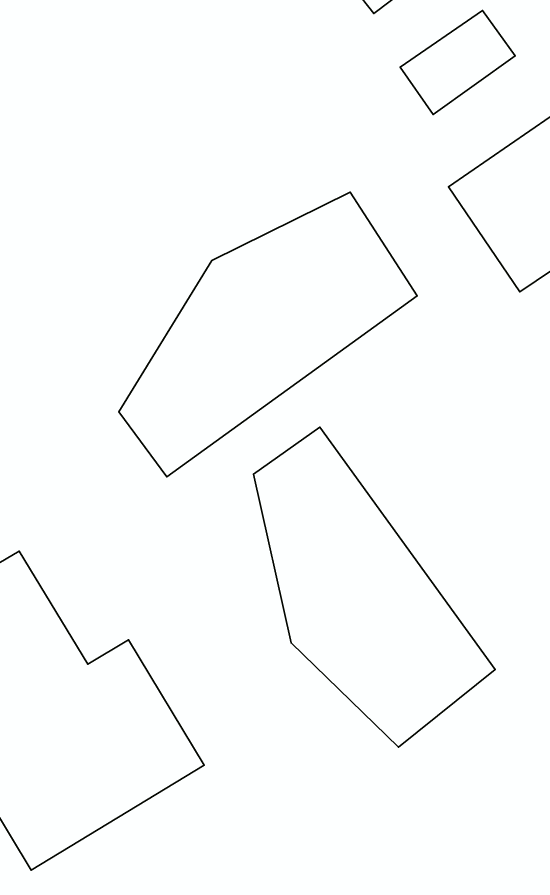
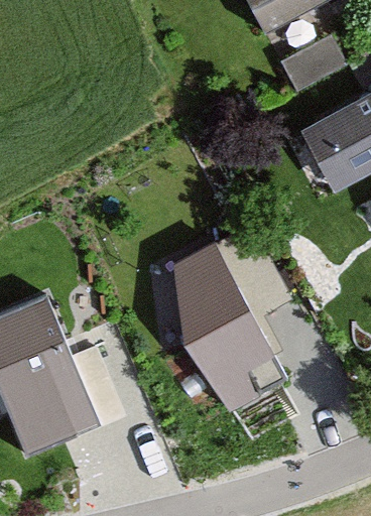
building: [119,192,417,477] -> none

